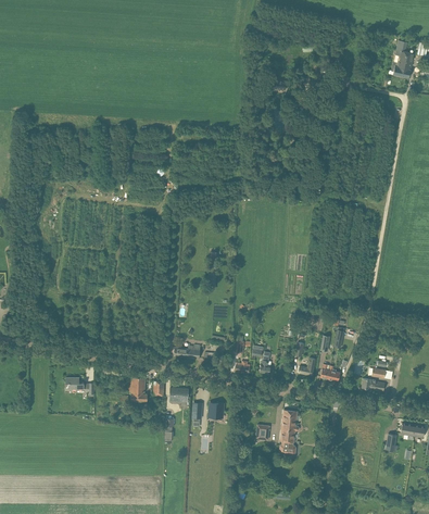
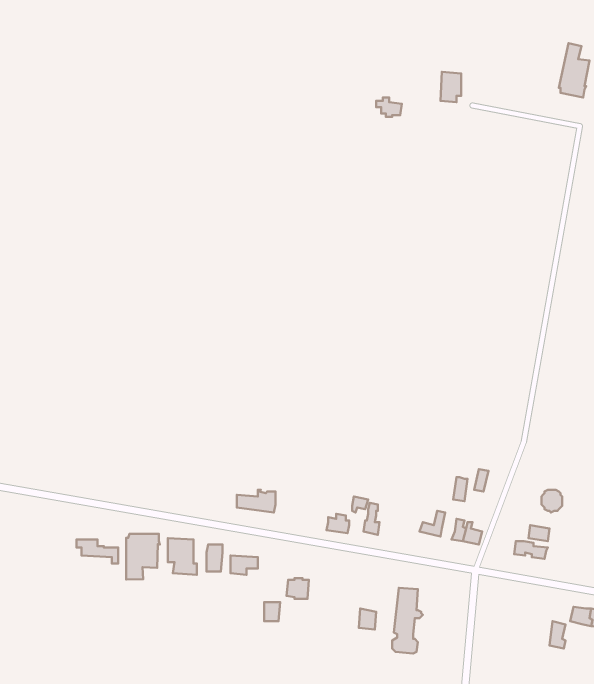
building: none -> [126,534,160,580]

